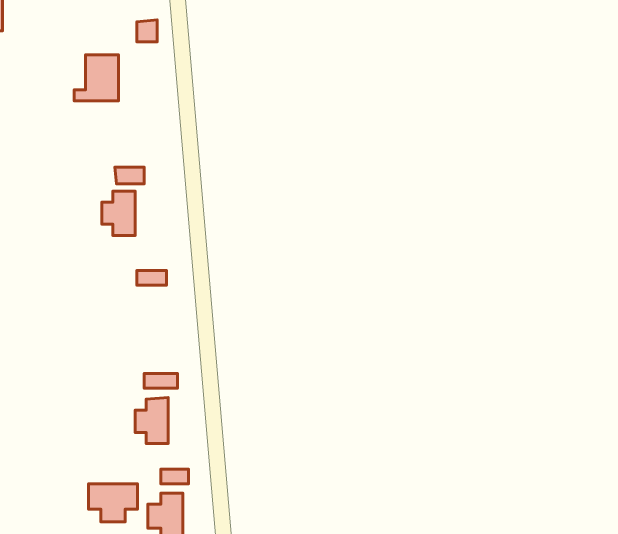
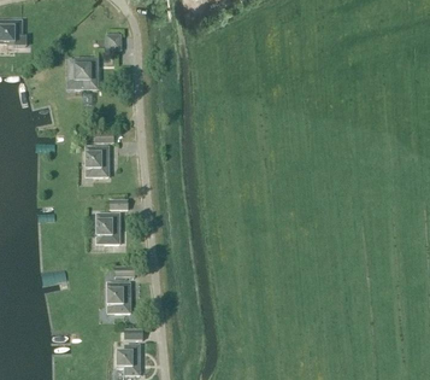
building: none -> [96,215,118,245]
building: [89,484,137,522] -> none

